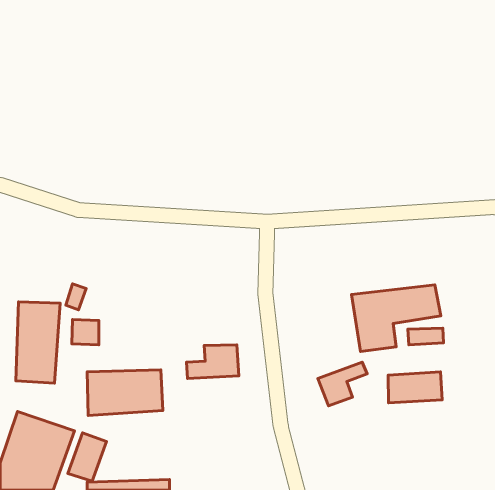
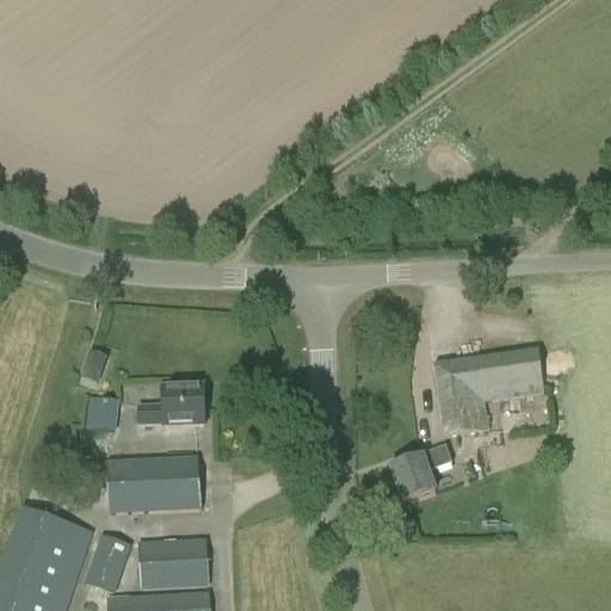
building: [16,302,60,383] -> none
building: [187,345,239,379] -> [140,383,204,425]
building: [388,372,442,403] -> none
building: none -> [138,536,209,588]

